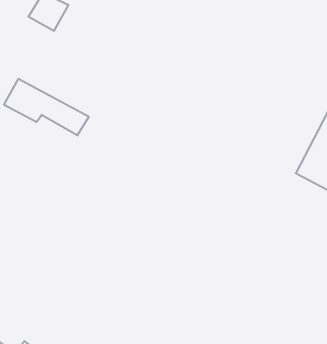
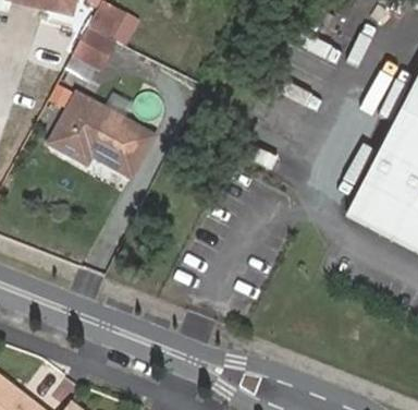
building: none -> [60,93,146,157]

